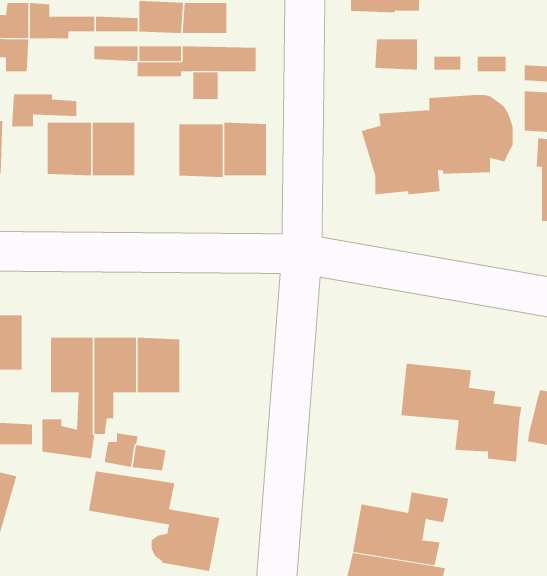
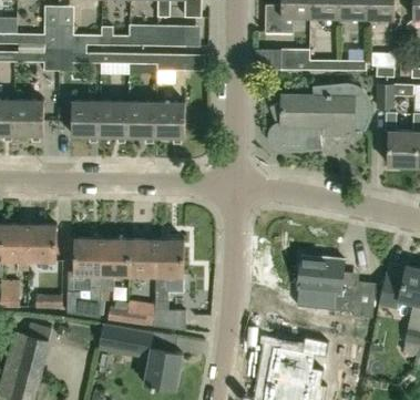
building: [11,94,77,127] -> [59,49,101,70]
building: [224,122,267,176] -> [127,102,155,136]
building: none -> [153,240,185,331]

